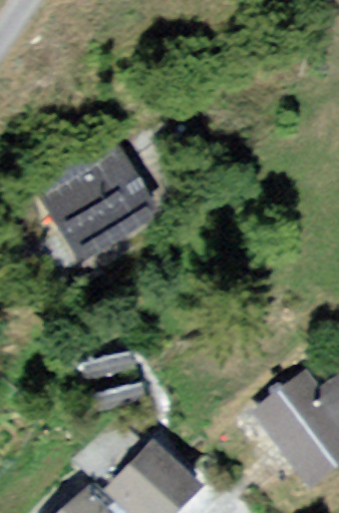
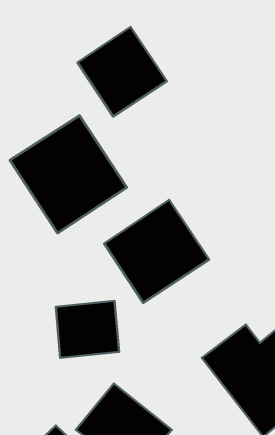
building: none -> [77,27,167,117]
building: none -> [104,200,209,303]

